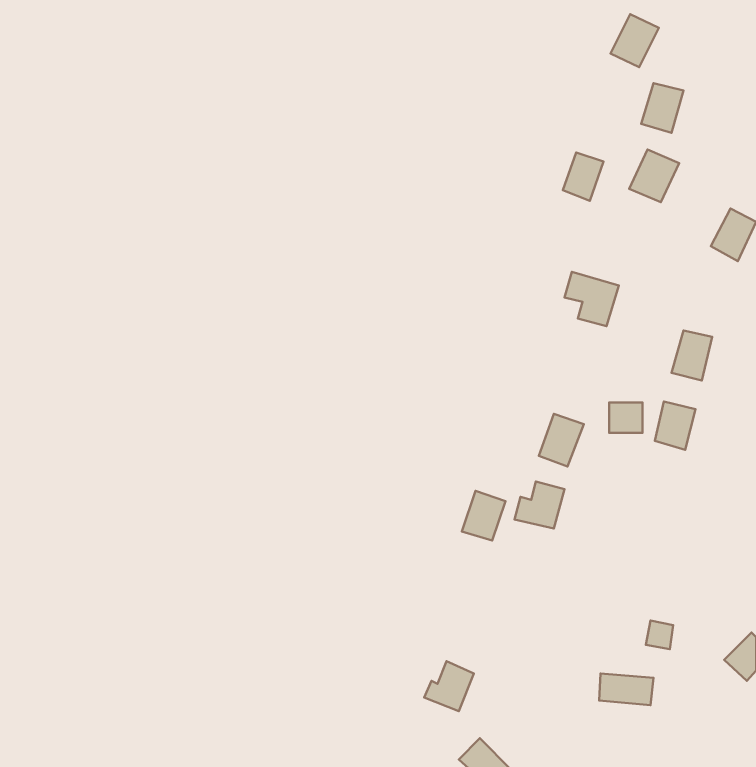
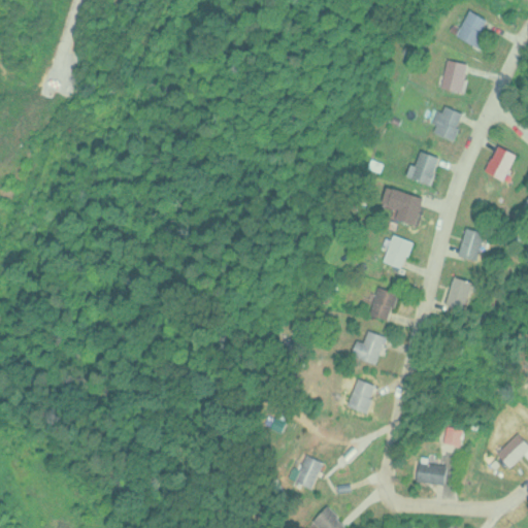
building: [610,14,659,67] -> [454,10,487,46]
building: [563,152,603,201] -> [410,152,438,185]
building: [609,403,642,433] -> [388,238,410,259]
building: [462,491,506,541] -> [348,380,377,414]

